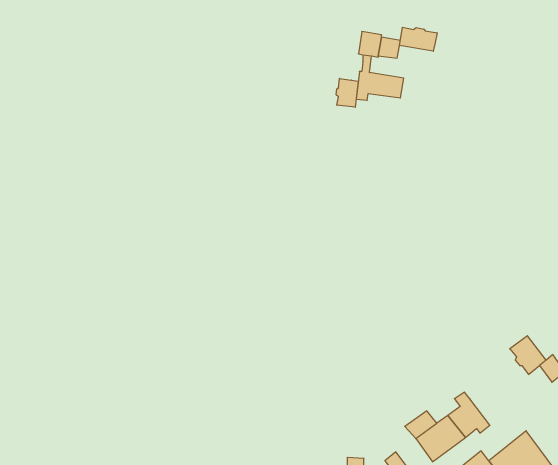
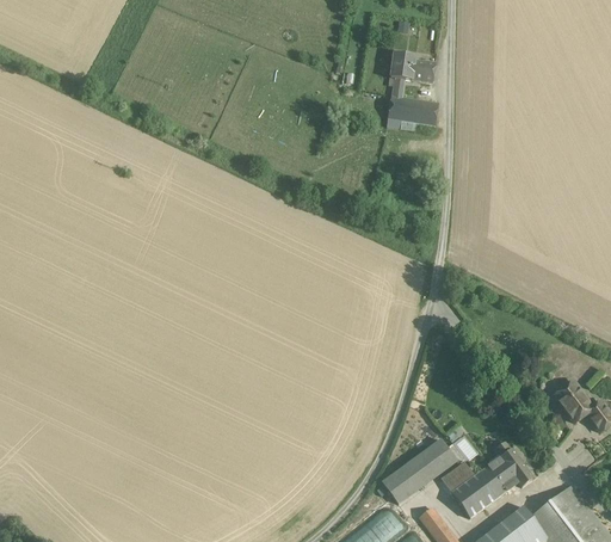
building: [400,27,437,51] -> none
building: [336,78,358,107] -> none
building: none -> [381,438,456,503]

